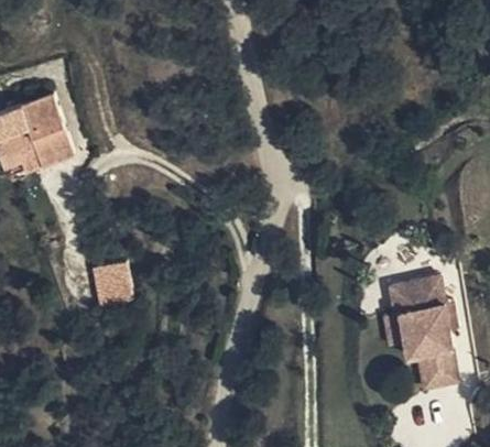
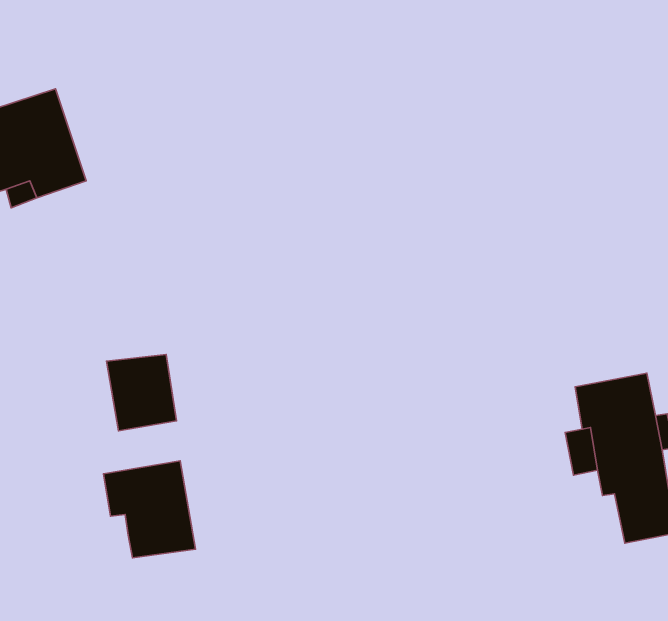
building: none -> [104,461,196,558]

